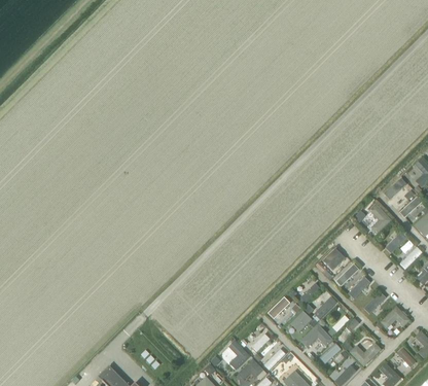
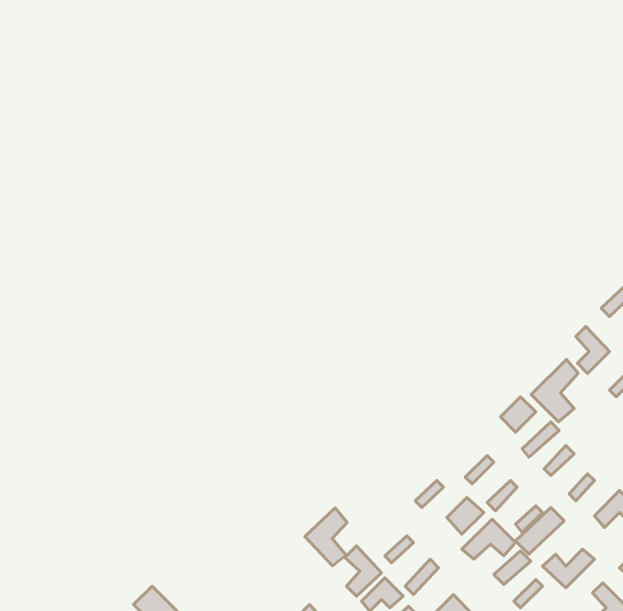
building: none -> [531,360,578,422]
building: none -> [305,508,347,566]

